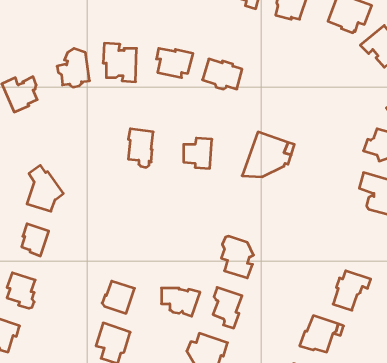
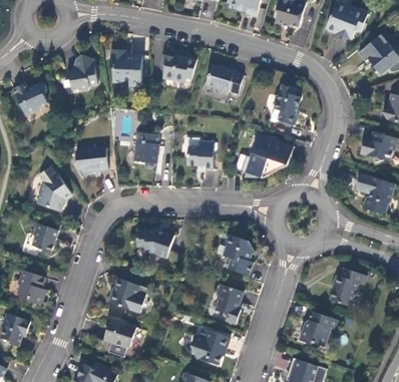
building: none -> [274,84,301,125]
building: none -> [74,144,108,175]
building: [161,288,200,316] -> [137,231,174,258]

